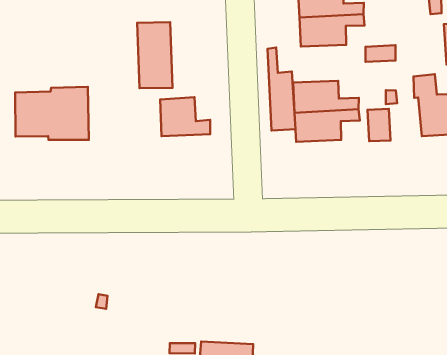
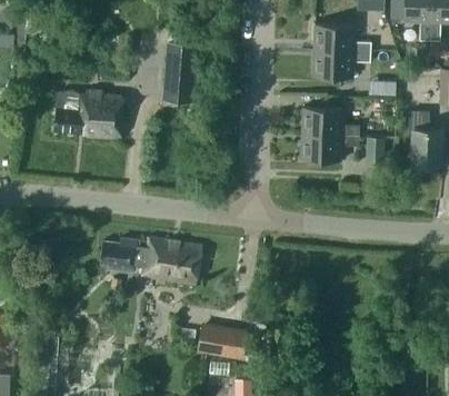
building: [267,47,295,130] -> none
building: [160,97,210,136] -> none
building: none -> [99,237,202,284]

